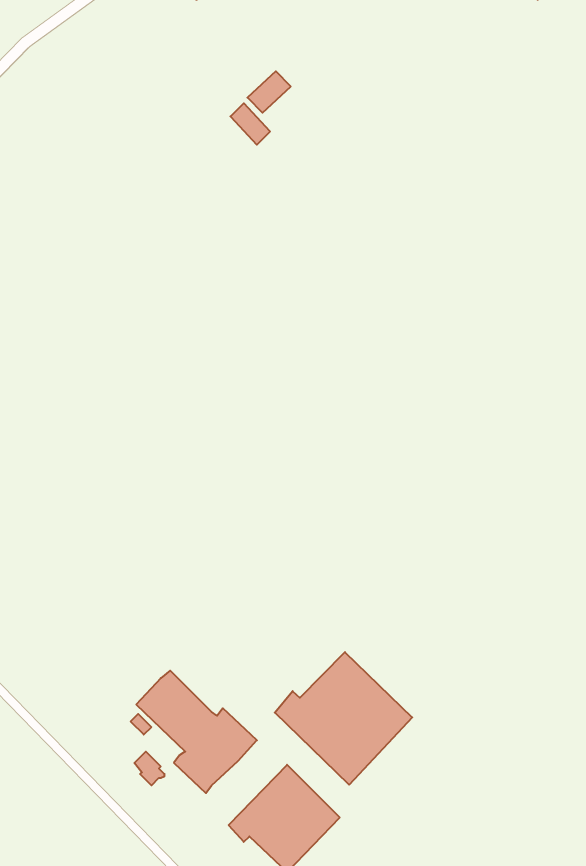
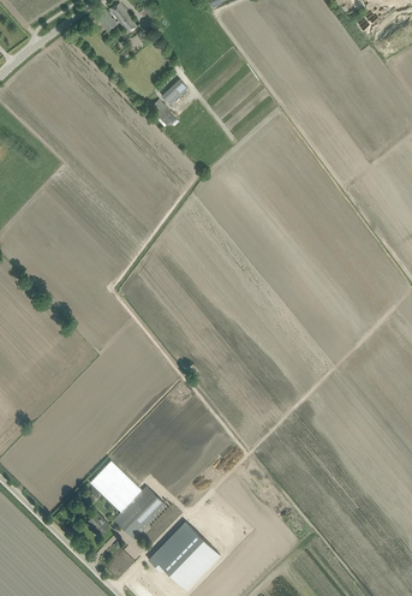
building: [275,652,412,785] -> none

